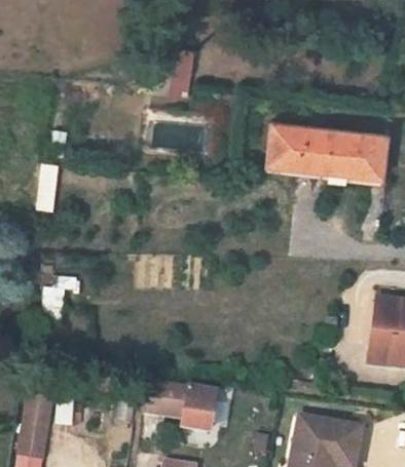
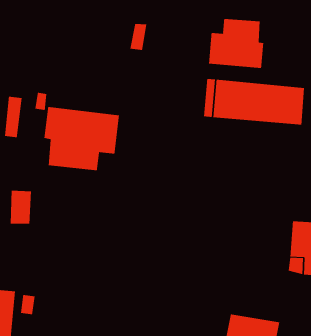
building: none -> [209,18,264,69]
building: none -> [44,106,119,171]
building: [154,379,223,430] -> none

